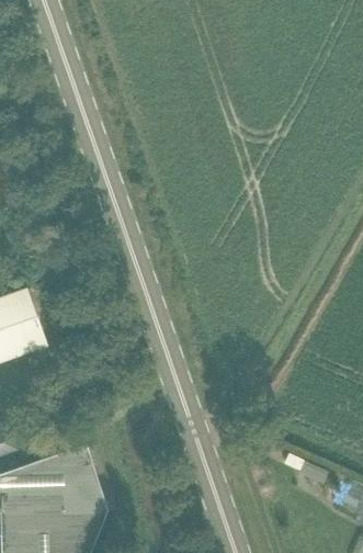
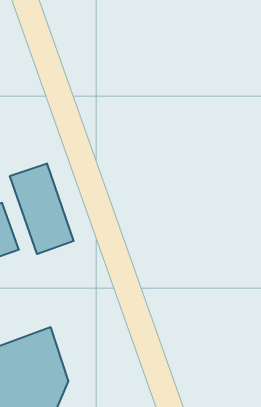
building: none -> [10,163,74,254]

